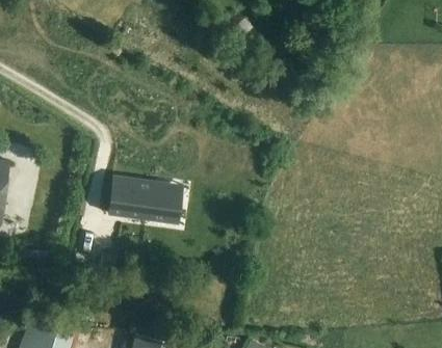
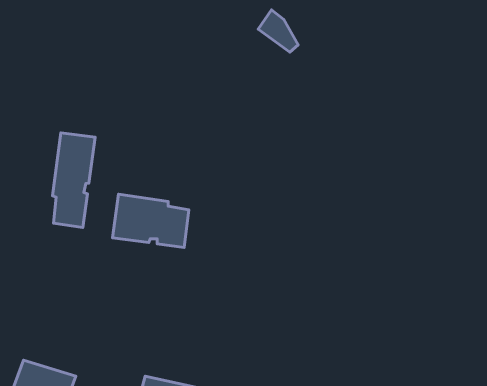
building: none -> [53,133,95,228]

